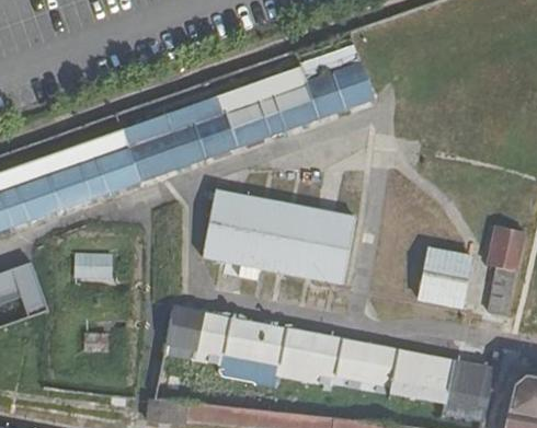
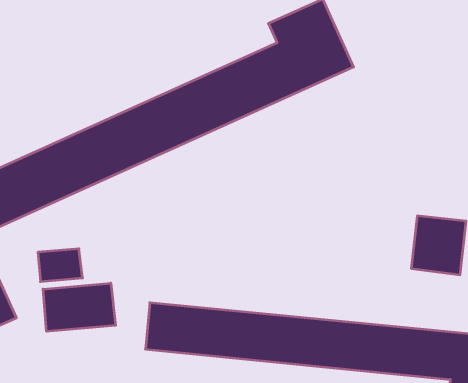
building: [202,190,353,282] -> none
building: none -> [43,283,116,331]

